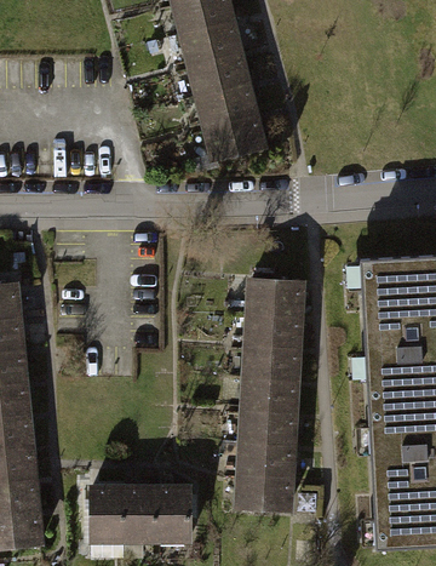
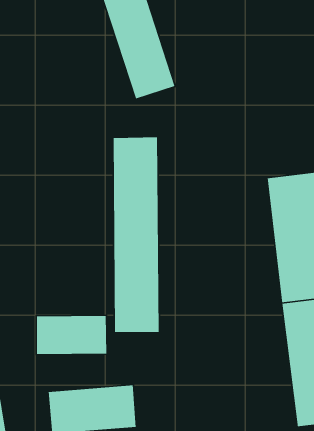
building: [237,281,303,510] -> [113,136,159,333]
building: none -> [36,315,107,355]

